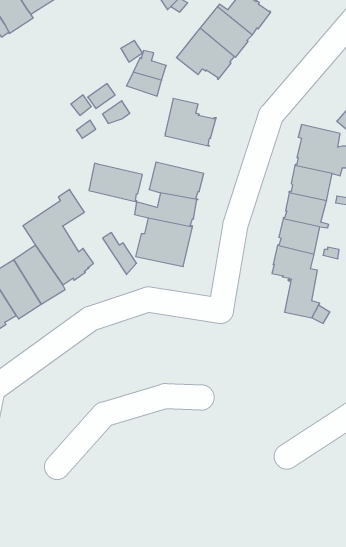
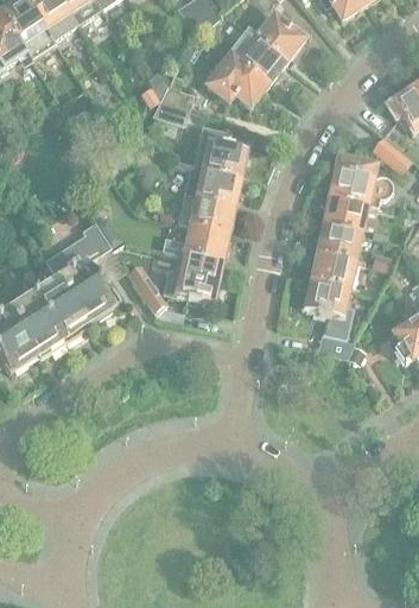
building: [89,163,142,202] -> [184,164,240,204]

